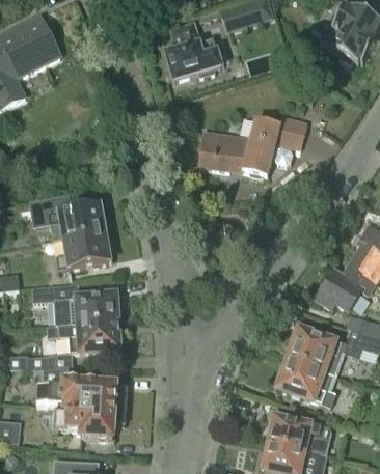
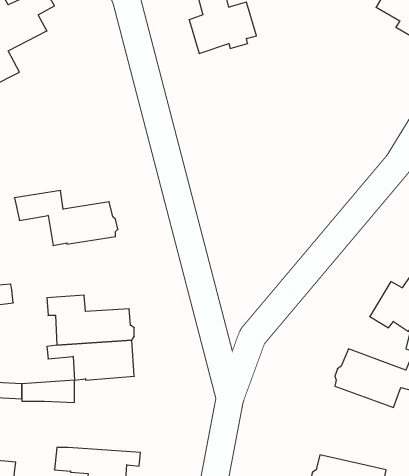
building: [198,118,305,177] -> none
building: [56,233,110,270] -> none
building: [276,358,336,407] -> none
building: [36,381,127,413] -> none

